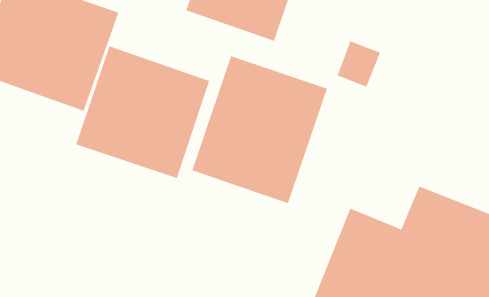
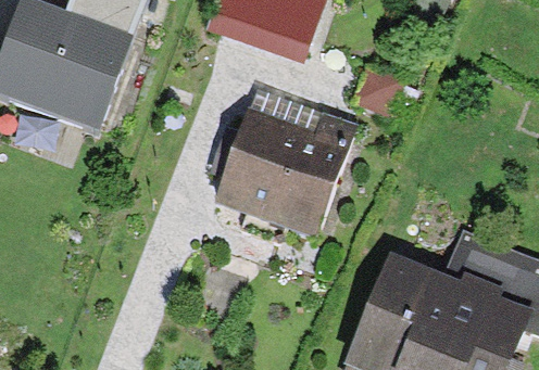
building: [76,46,210,179] -> none

